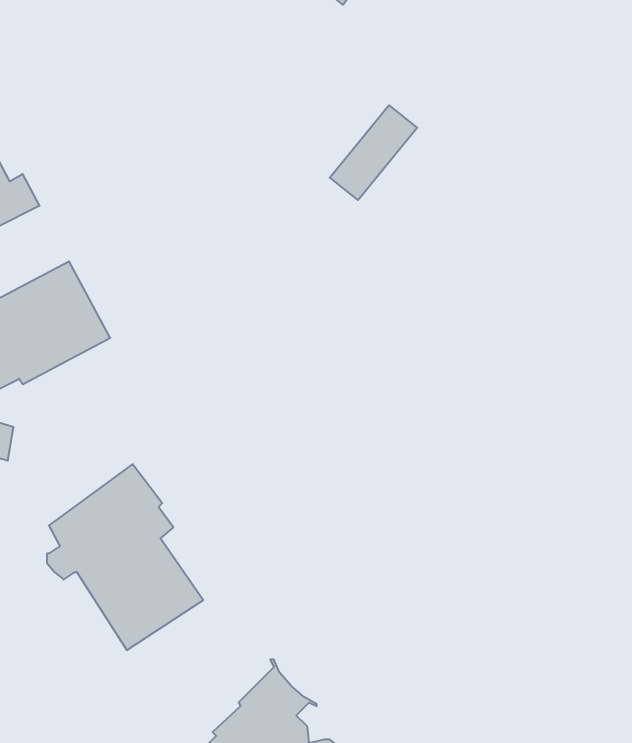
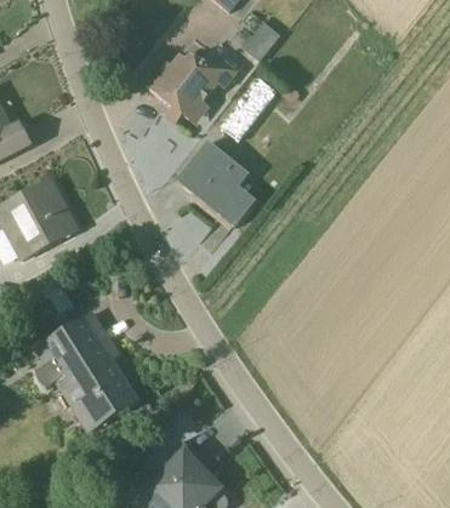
building: none -> [241,21,279,59]
building: none -> [148,42,246,124]
building: none -> [178,141,256,226]

